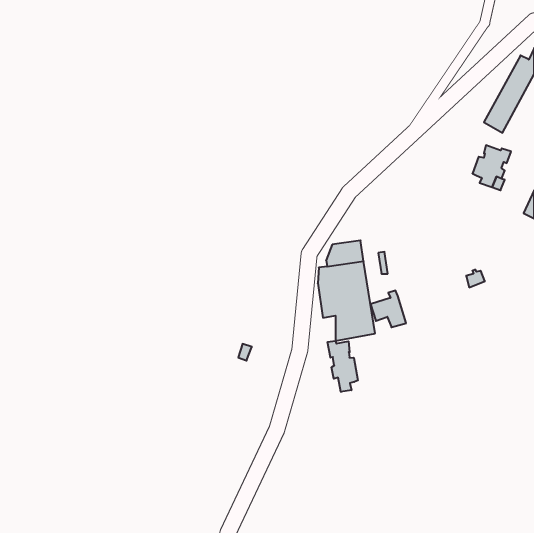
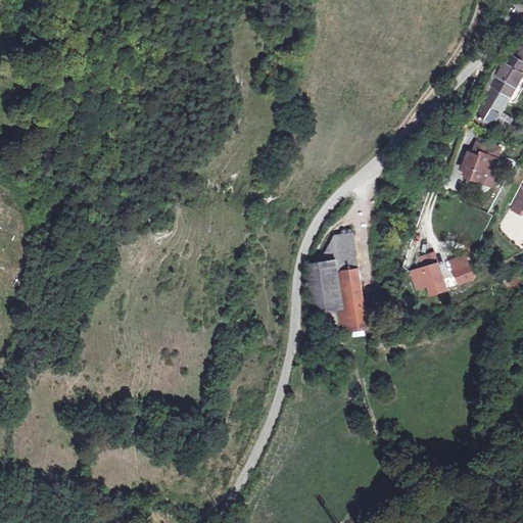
building: [371,291,406,327] -> [411,257,445,293]
building: [328,341,358,392] -> none

